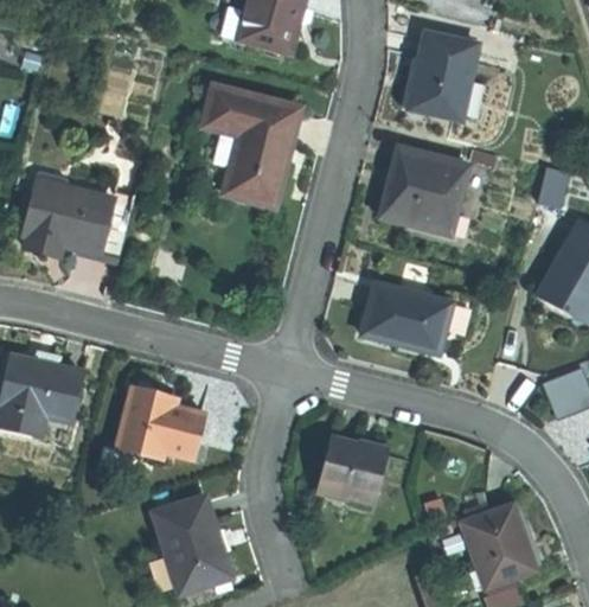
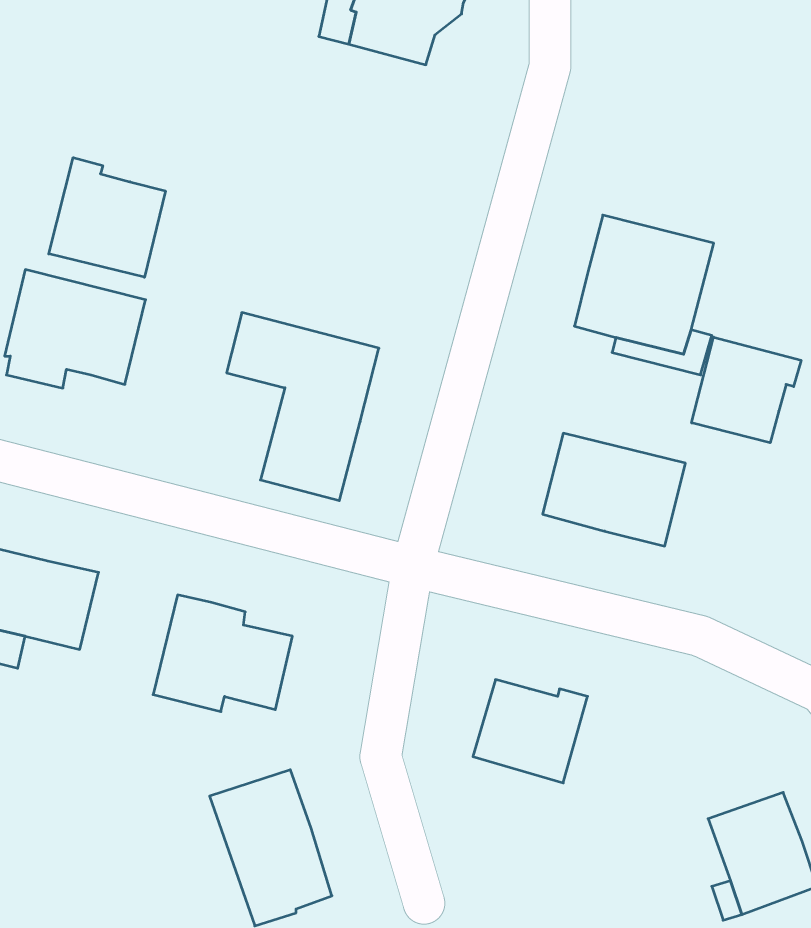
building: [409,31,479,119] -> none
building: [203,87,299,205] -> [227,313,379,501]
building: none -> [49,158,165,277]
building: none -> [692,337,801,443]

